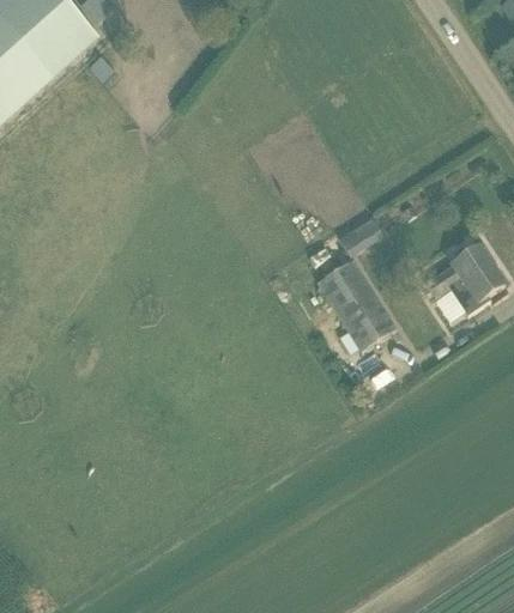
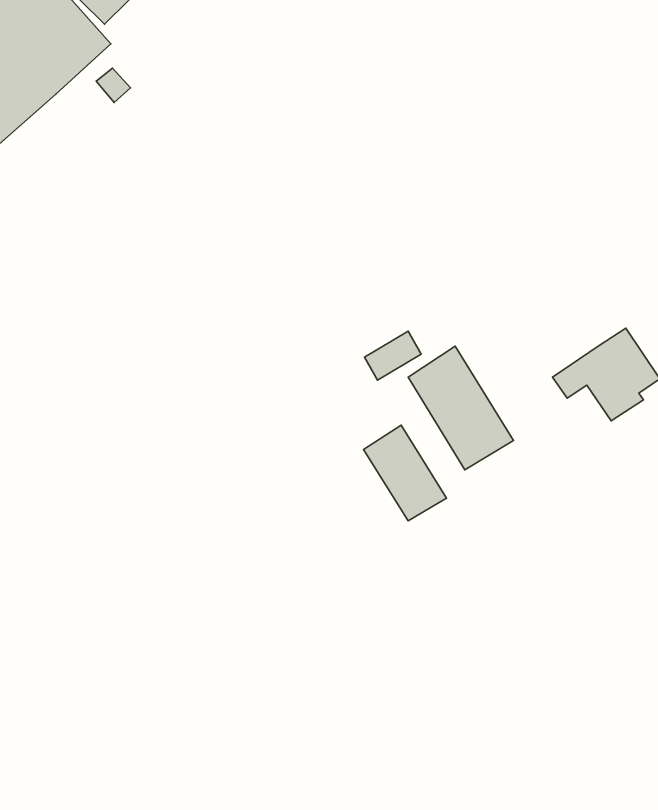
building: [340,216,382,251] -> [364,331,421,380]
building: none -> [364,425,447,521]

